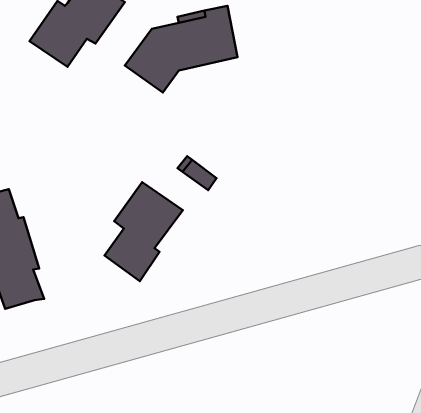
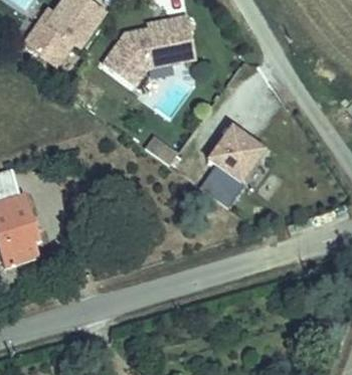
building: [104,182,183,281] -> [201,127,266,208]

